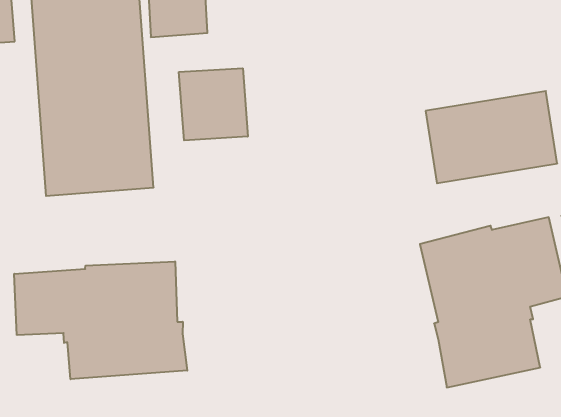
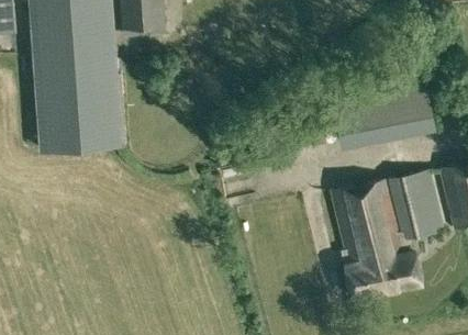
building: [179,68,248,140] -> none
building: [14,261,187,379] -> none

